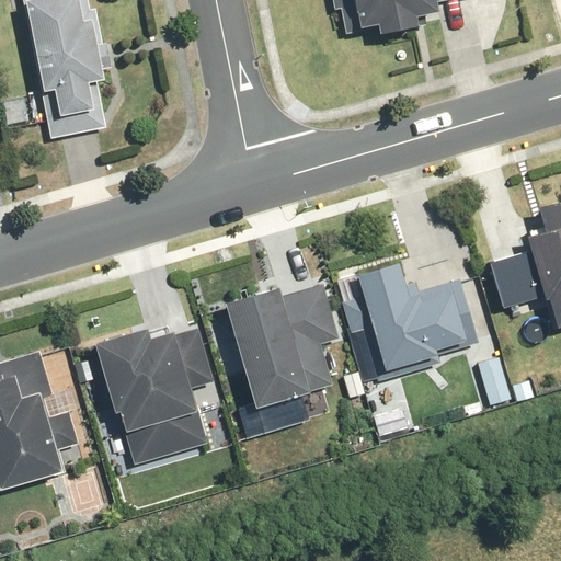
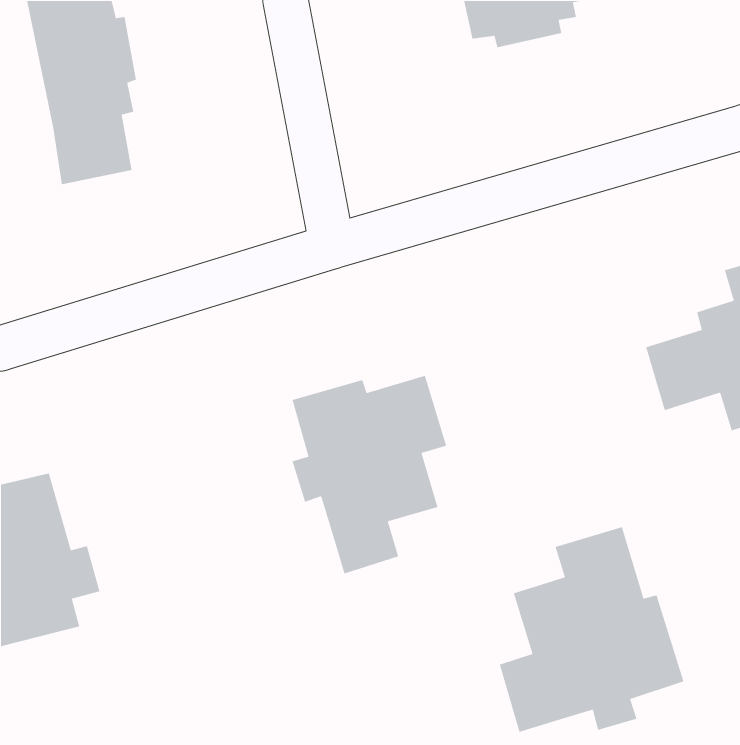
building: [353,260,477,369] -> none
building: [96,327,216,463] -> none
building: none -> [499,526,685,733]

